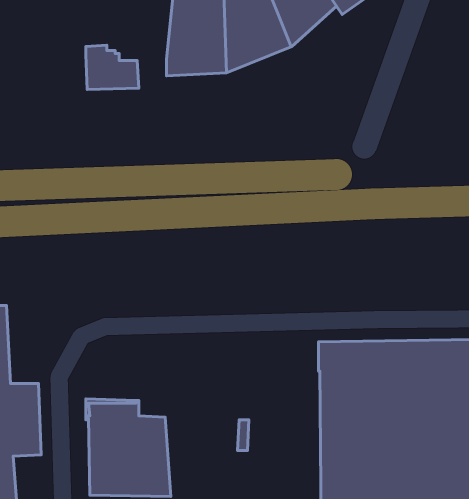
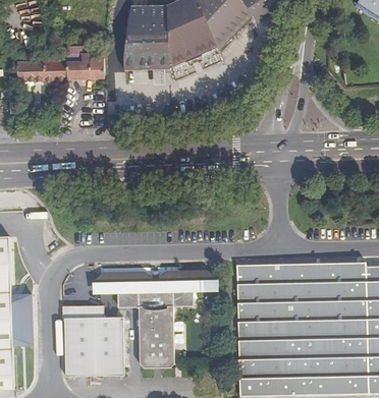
building: none -> [19,54,67,81]
building: none -> [103,270,214,369]

